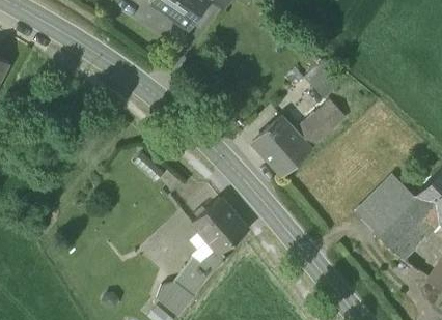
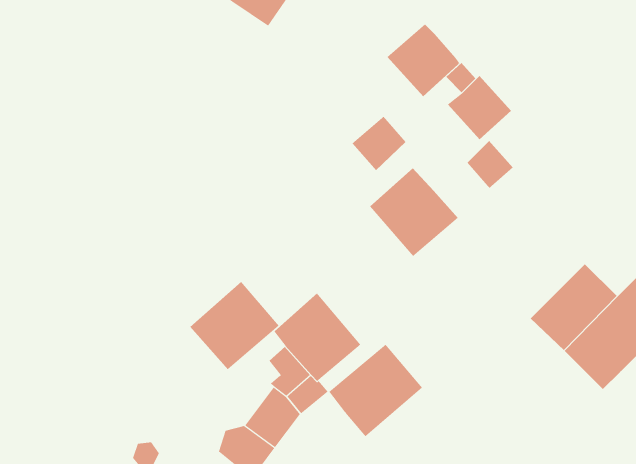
building: none -> [386,23,460,97]
building: [296,114,331,149] -> [351,116,407,171]
building: none -> [190,281,280,370]
building: none -> [329,344,423,437]

